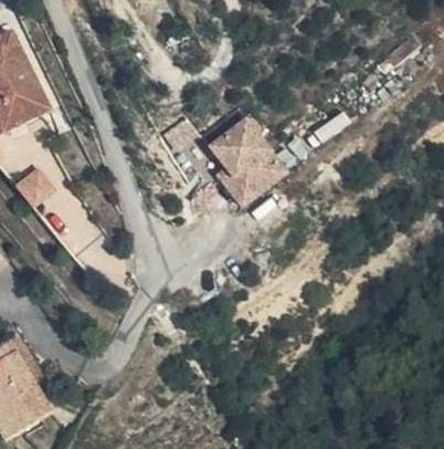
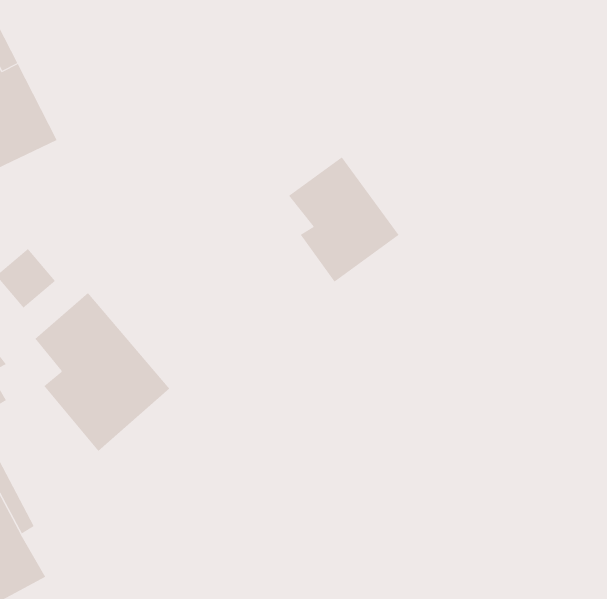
building: none -> [34,292,170,452]

